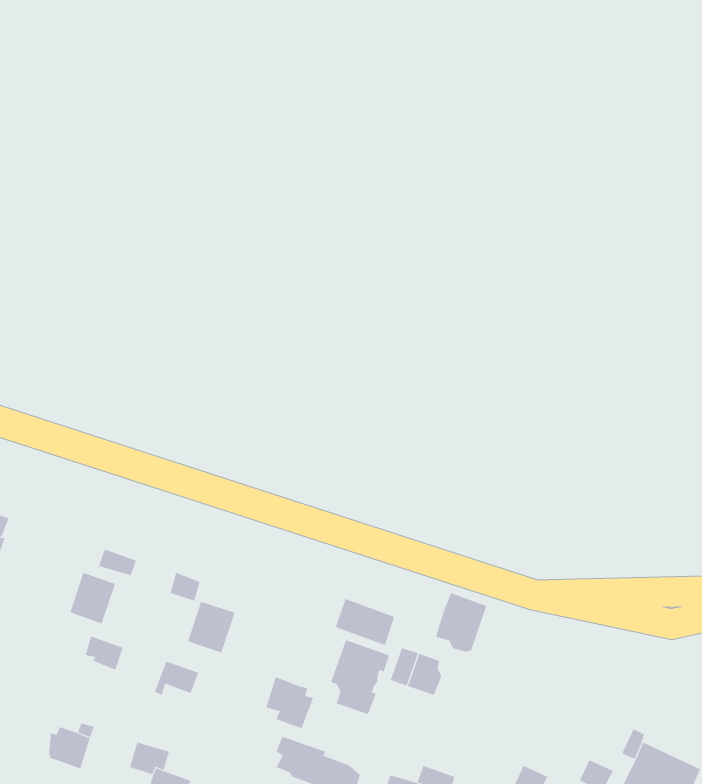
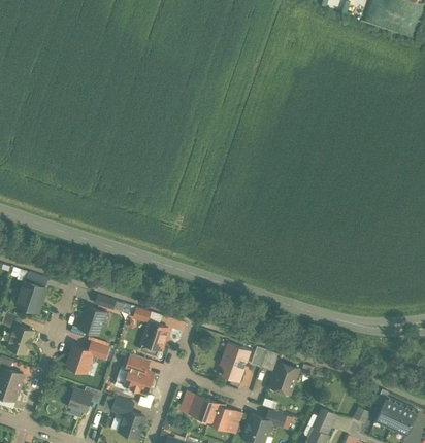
building: [435,592,487,652] -> [270,363,298,395]
building: [335,598,395,646] -> none
building: none -> [66,346,93,373]
building: [266,677,314,729] -> [126,367,152,395]

